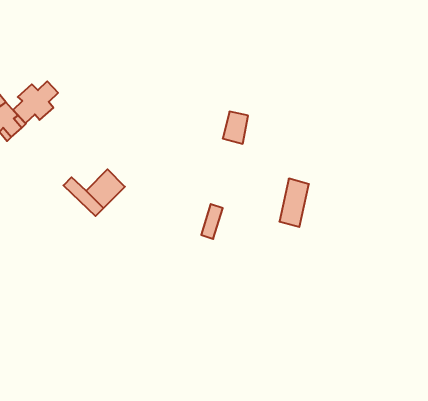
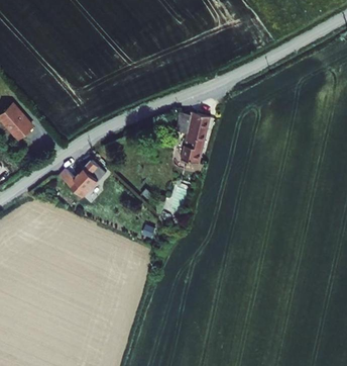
building: [13,81,58,123] -> none
building: [279,179,309,227] -> [177,136,199,173]

